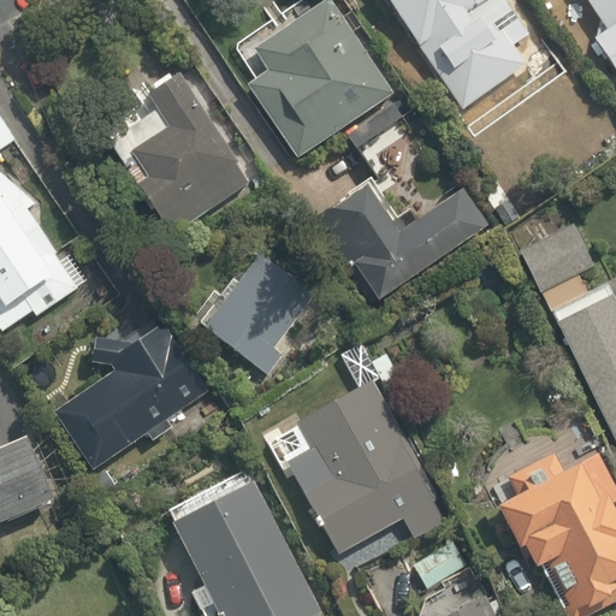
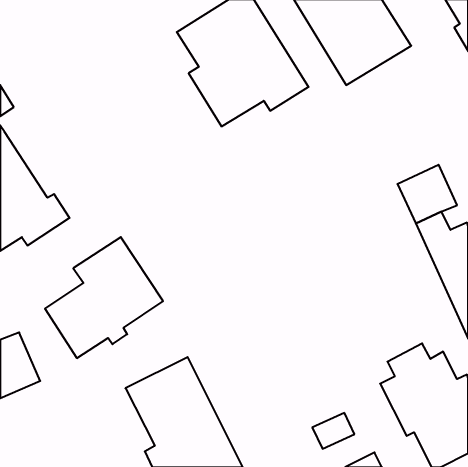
building: [131,72,245,231] -> none
building: [324,184,485,302] -> none
building: [203,250,315,365] -> none
building: [271,378,451,557] -> none

